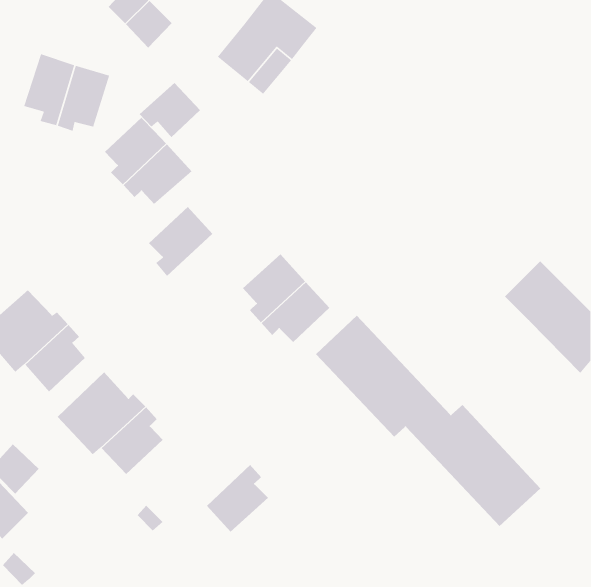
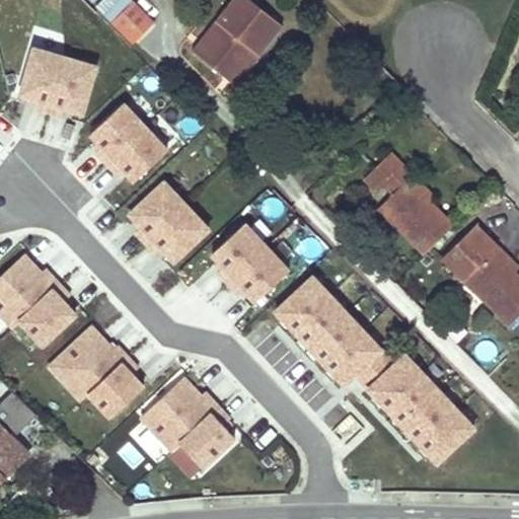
building: [139,82,201,138] -> none
building: none -> [364,155,451,256]
building: none -> [146,205,209,260]
building: none -> [141,376,219,450]

